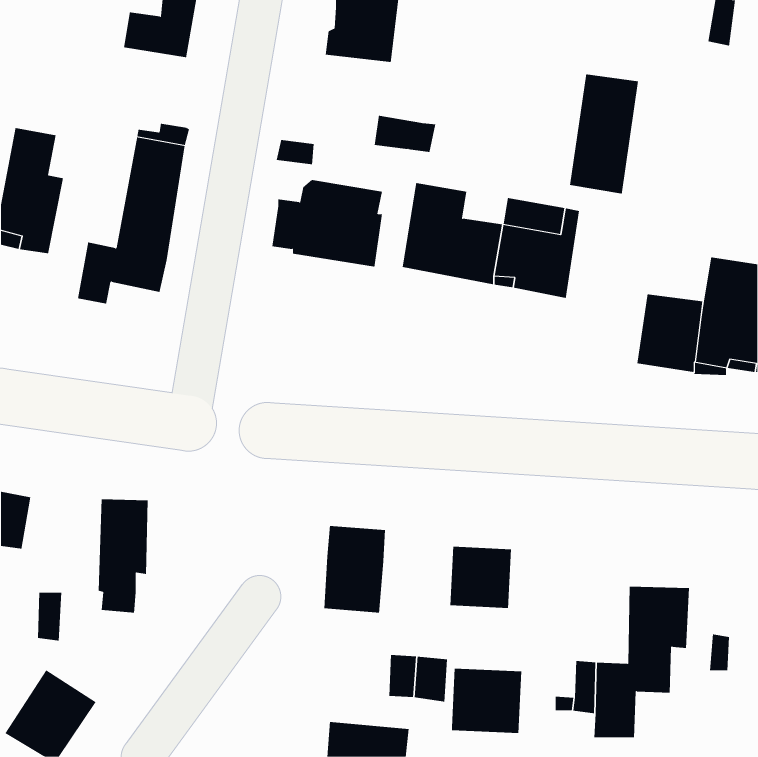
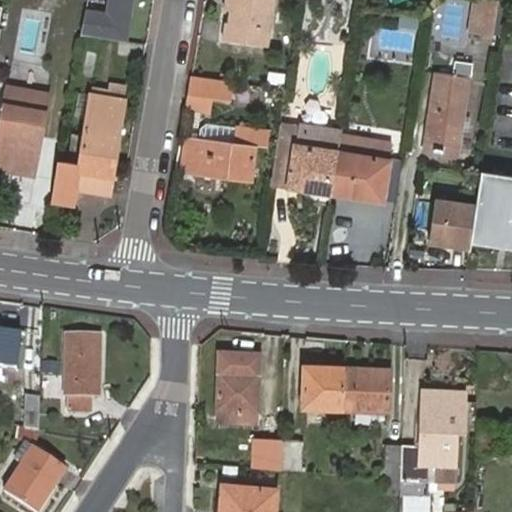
building: [569,74,639,194] -> [425,70,472,151]
building: [374,115,436,152] -> [189,74,231,99]
building: [451,668,522,733] -> [343,370,391,414]

